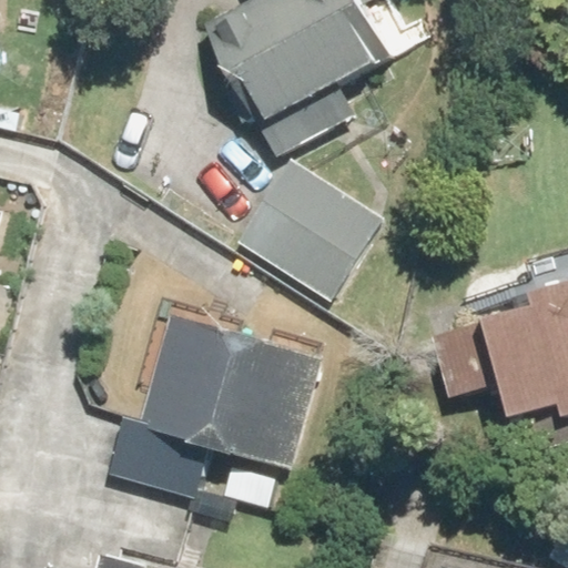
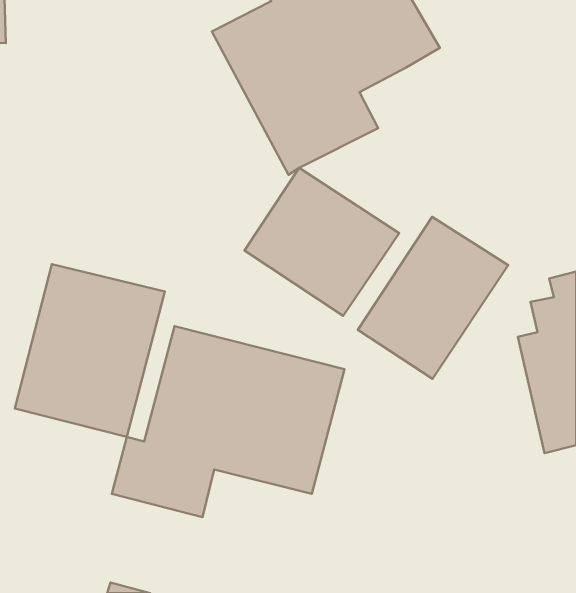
building: none -> [358,217,508,379]
building: none -> [15,264,165,437]

